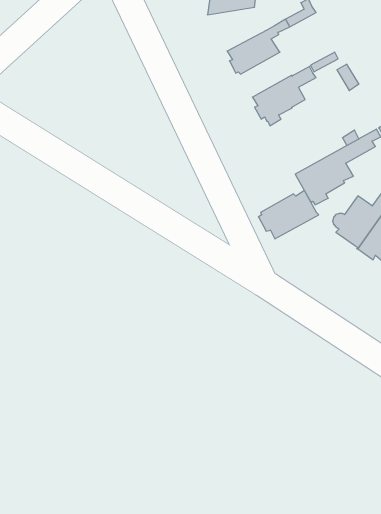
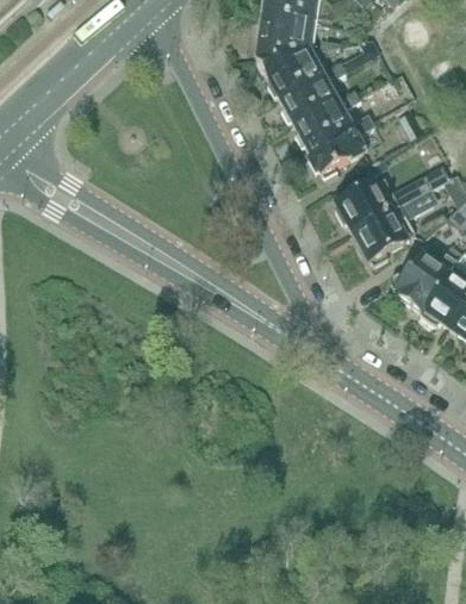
building: none -> [256,43,322,91]
building: none -> [293,81,362,141]
building: [258,191,319,239] -> [335,172,400,224]

